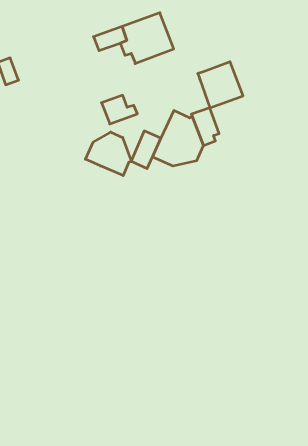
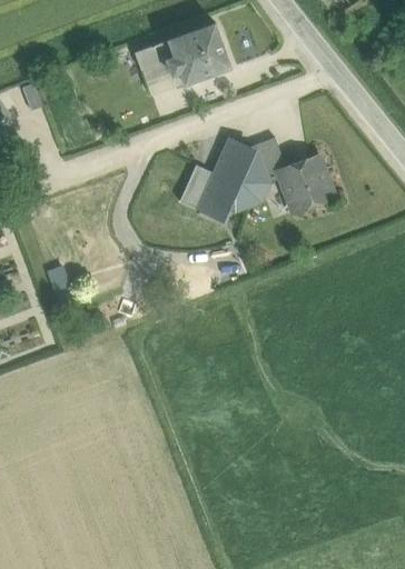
building: [198,62,243,108] -> [279,157,334,212]
building: [101,95,137,124] -> [141,60,185,94]
building: [85,132,131,176] -> none

